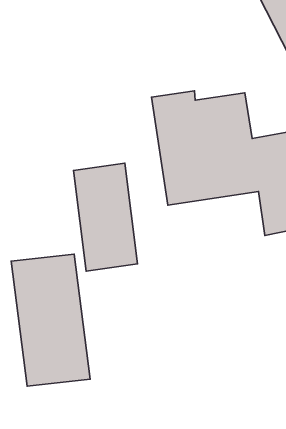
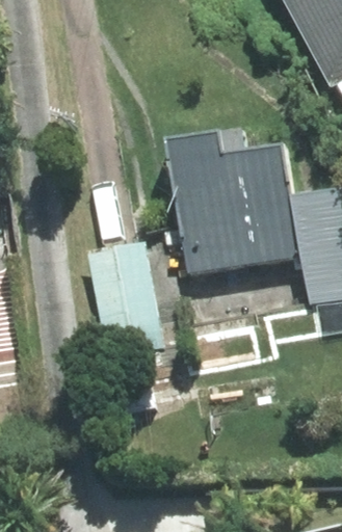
building: [11,254,90,386] -> none

